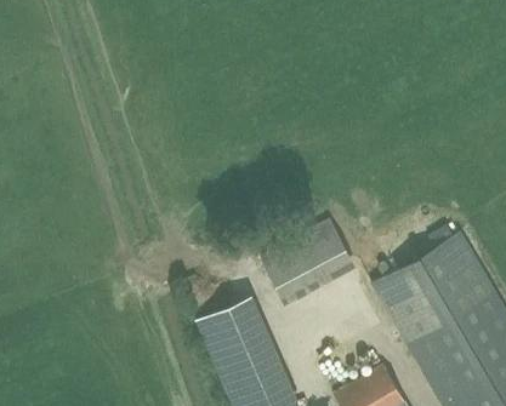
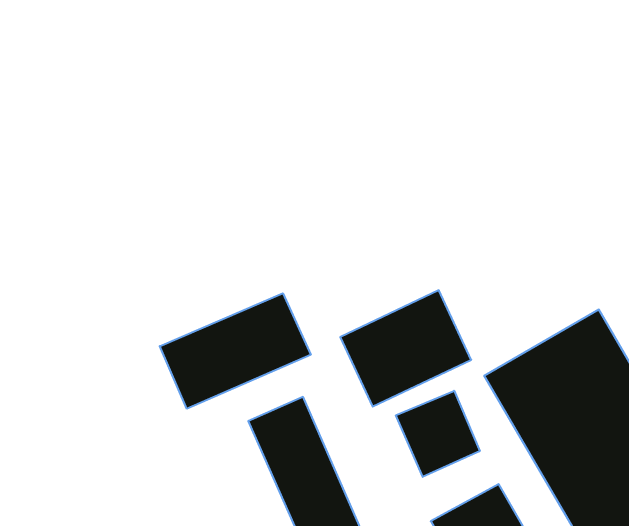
building: none -> [160,293,311,409]
building: none -> [396,391,480,477]

